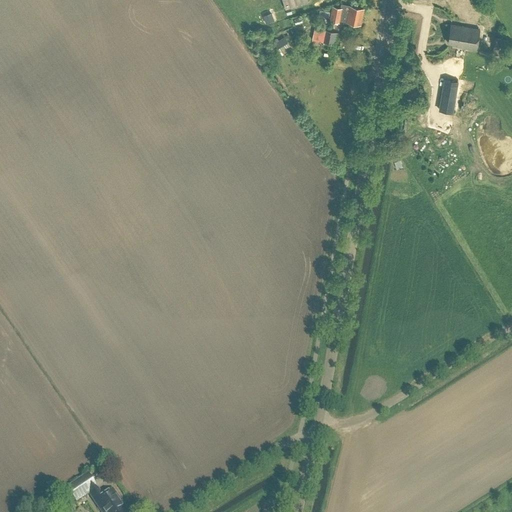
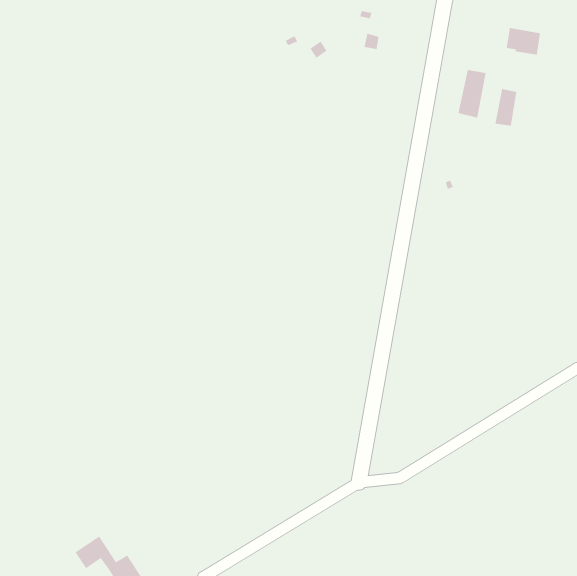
building: [331,5,363,24] -> none
building: none -> [458,69,486,119]

